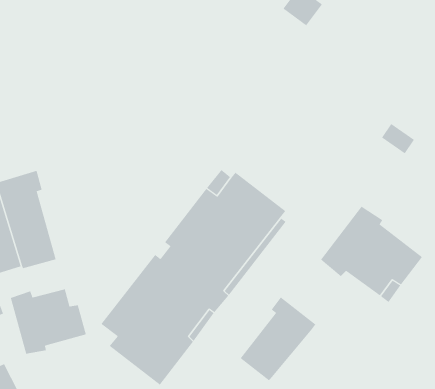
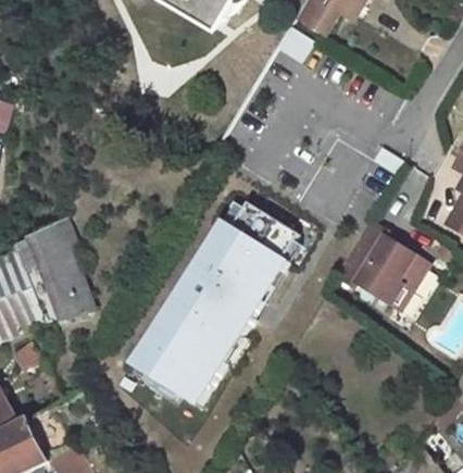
building: [10,289,87,354] -> none
building: [240,296,316,381] -> none

